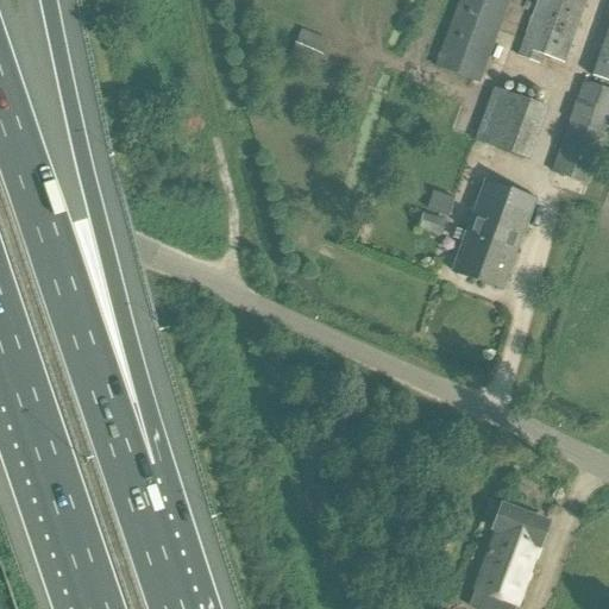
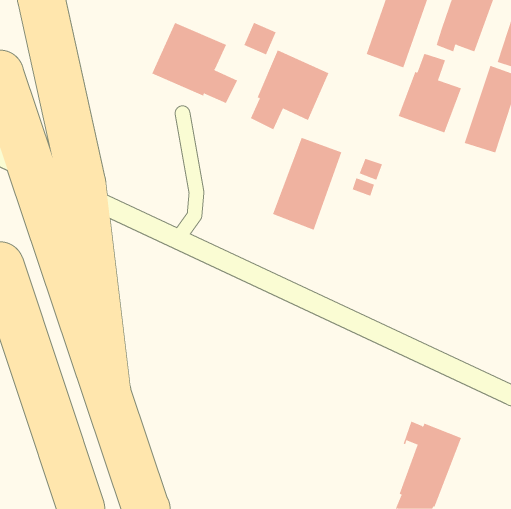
building: none -> [151,22,238,104]
building: none -> [250,50,329,130]
building: [452,177,535,288] -> [272,137,342,230]

